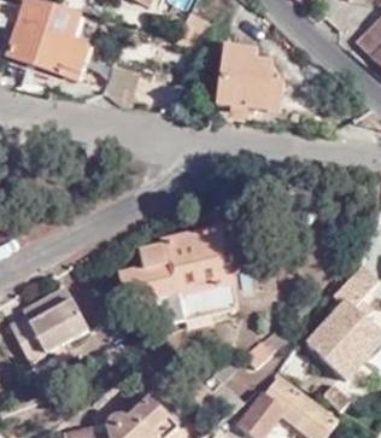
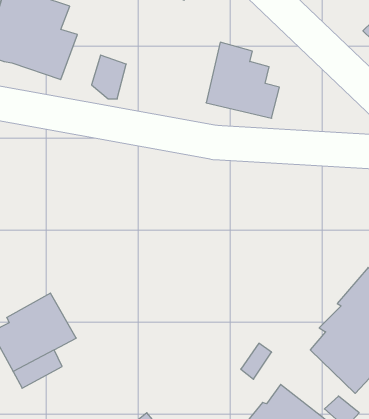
building: [119,227,235,319] -> none

